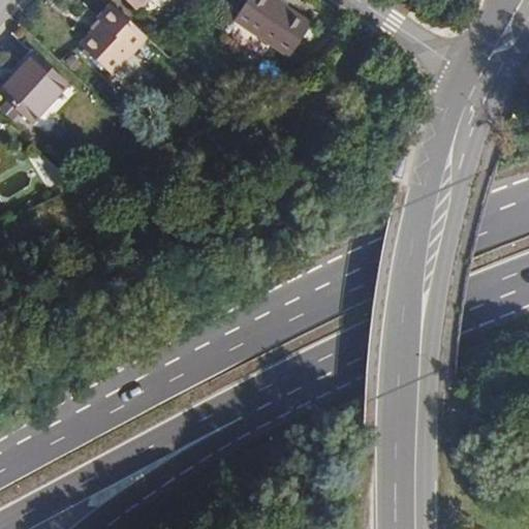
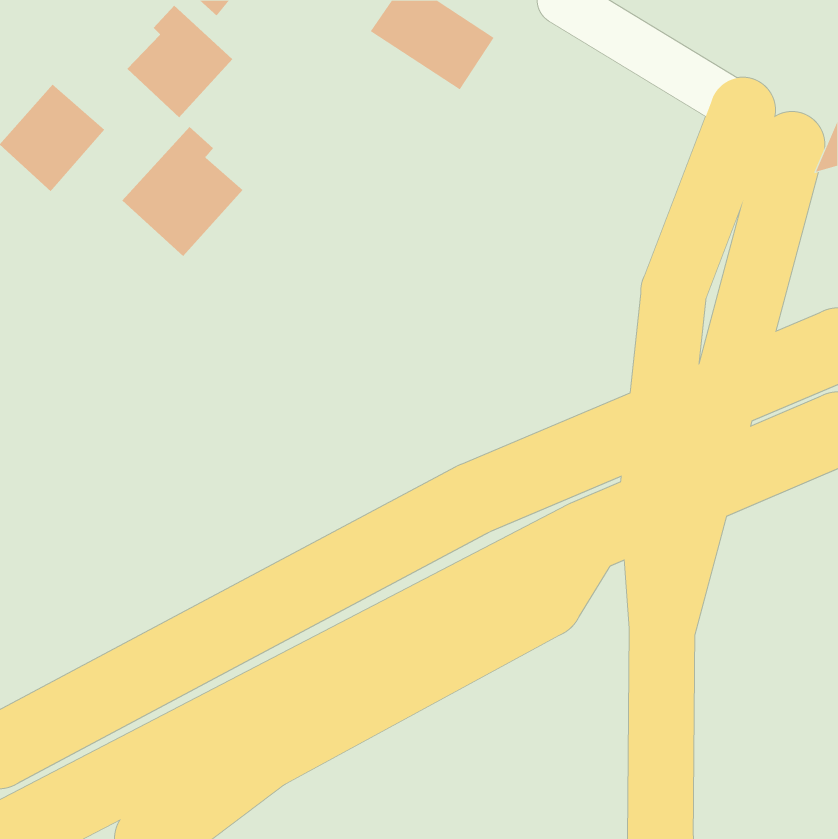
building: none -> [121,126,244,257]

